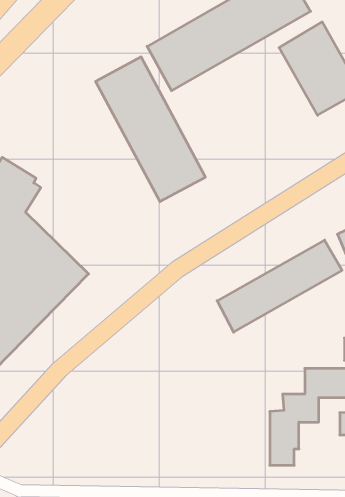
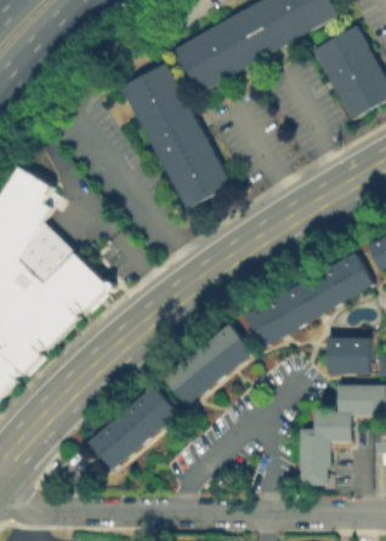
building: none -> [163,323,255,408]
building: none -> [325,337,369,374]
building: none -> [87,386,177,471]

